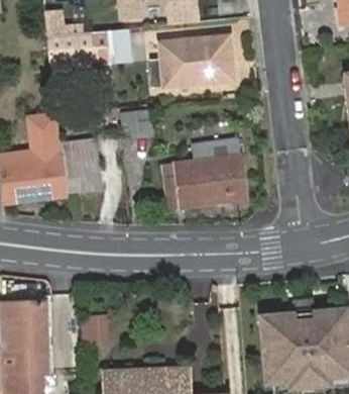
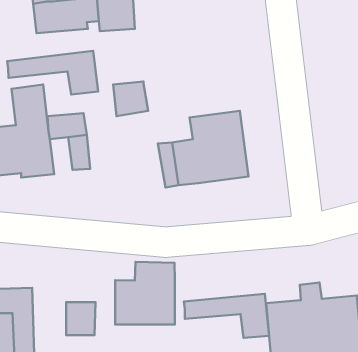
building: [150,39,230,89] -> none
building: none -> [7,51,98,94]
building: none -> [115,262,175,325]
building: none -> [184,294,269,338]

